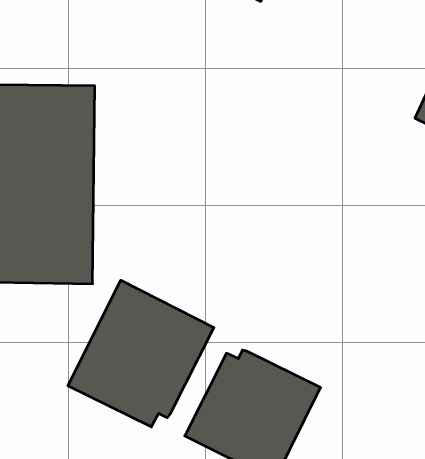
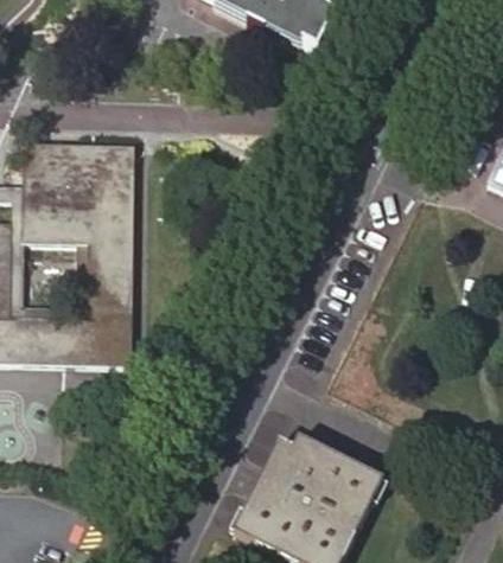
building: [68,280,214,427] -> none

